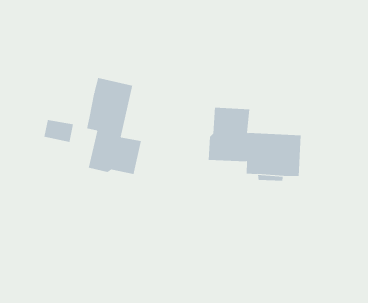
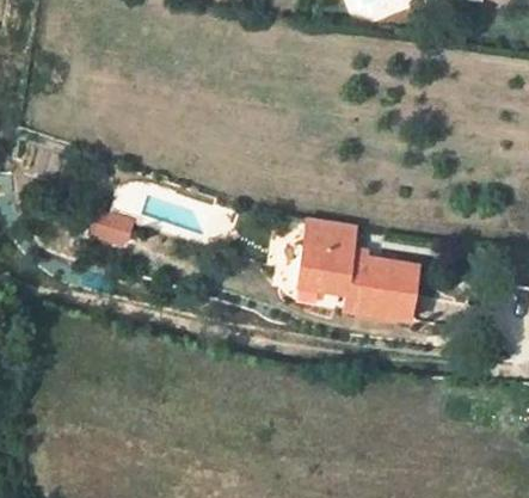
building: [86,77,141,175] -> none

